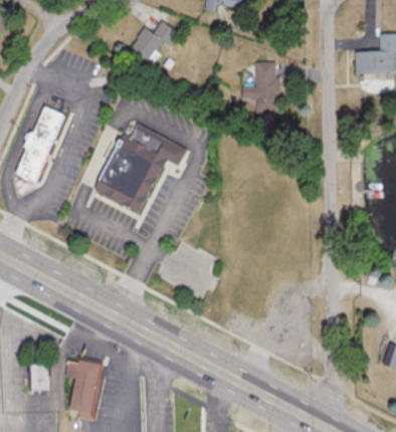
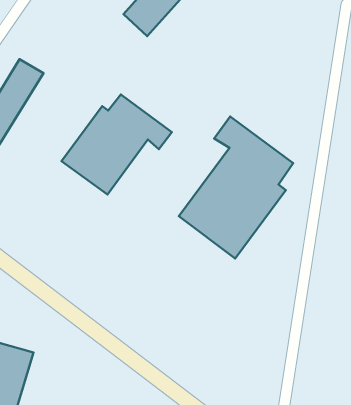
building: [250,62,274,112] -> none
building: none -> [179,117,293,259]

